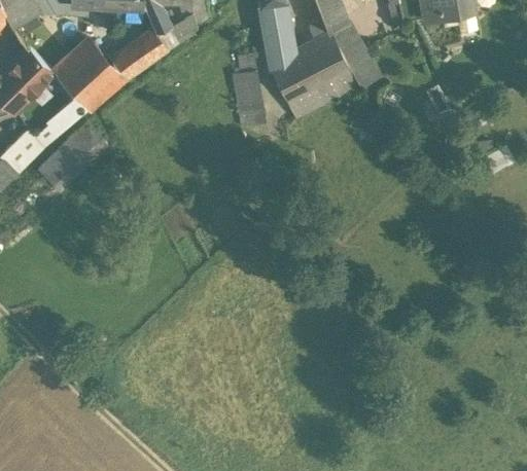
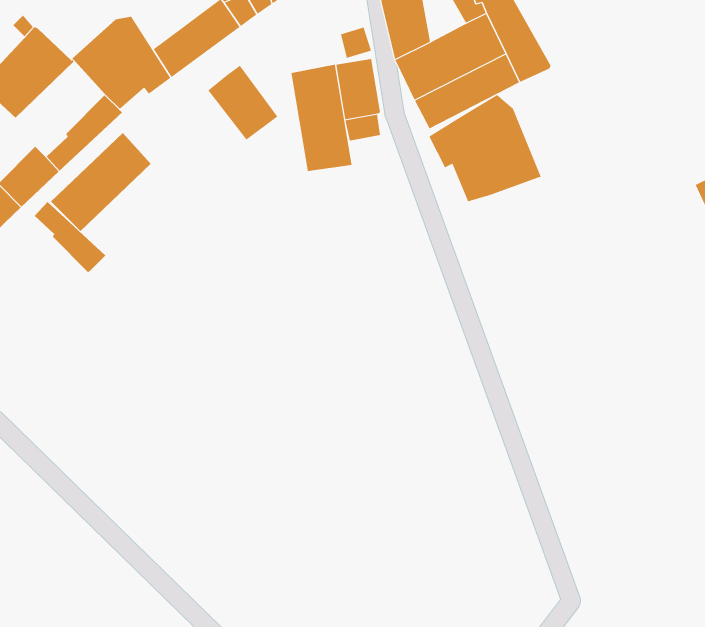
building: none -> [291,64,352,172]
building: none -> [208,65,278,140]
building: none -> [428,94,542,202]
building: none -> [34,201,106,273]

